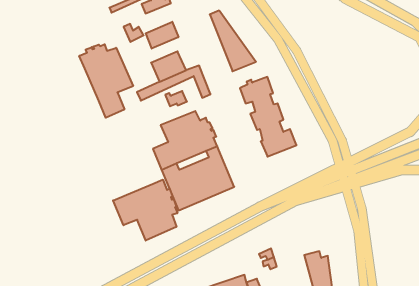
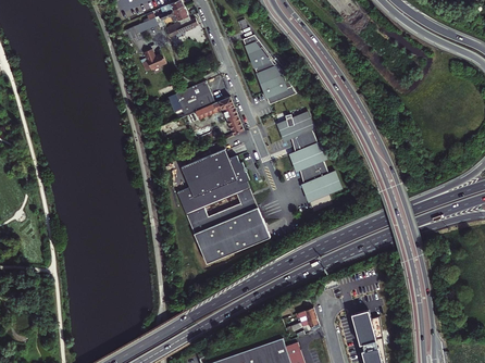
building: [146,22,178,49] -> none
building: [79,44,133,118] -> none
building: [113,180,177,241] -> none

